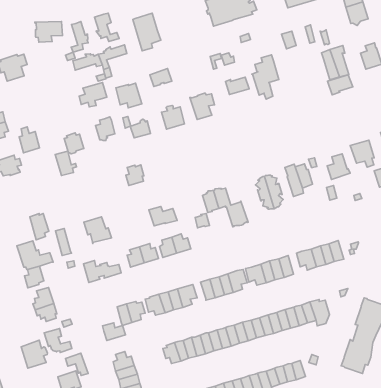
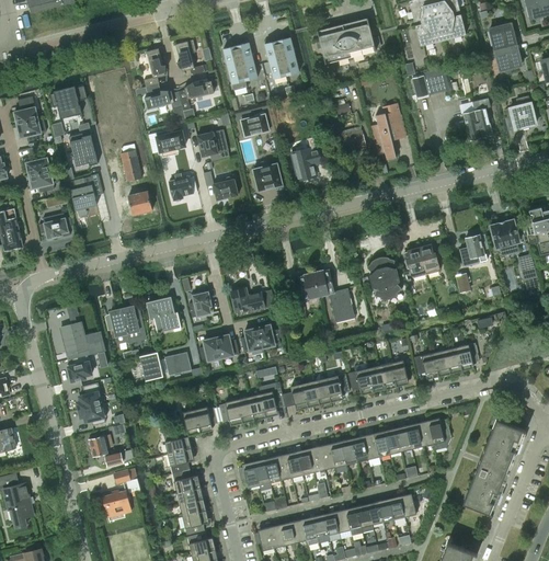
building: none -> [264,37,299,79]
building: [35,21,62,42] -> none
building: [328,75,353,95] -> none
building: none -> [69,134,98,165]
building: [55,151,77,176] -> [121,150,147,181]
building: [126,165,144,185] -> [188,291,211,317]
building: [30,213,49,240] -> [122,306,145,339]
building: none -> [168,448,194,473]
building: [21,340,47,368] -> none

